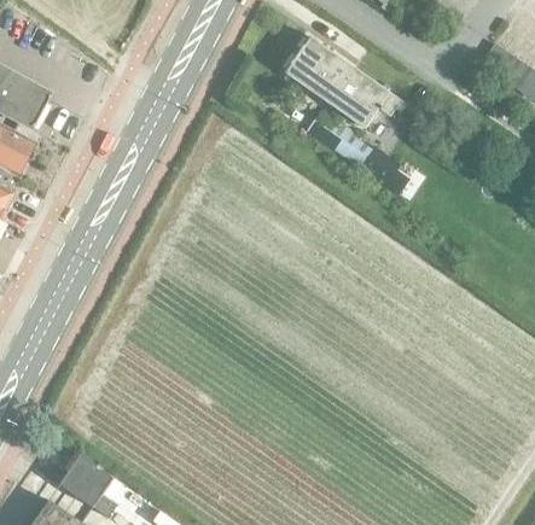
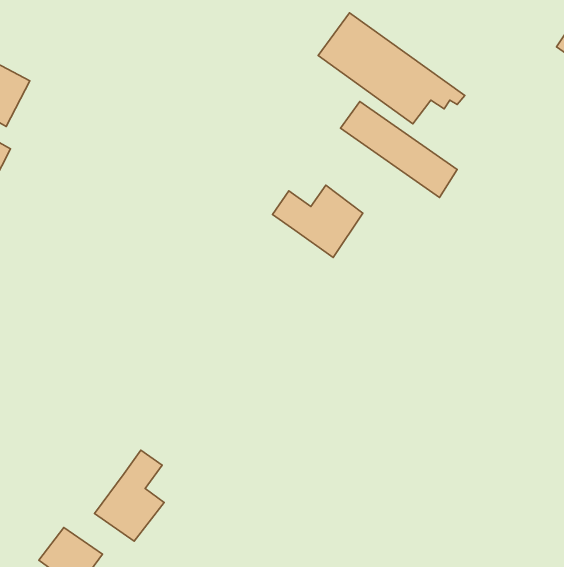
building: none -> [272,185,363,257]
building: none -> [95,450,164,541]

